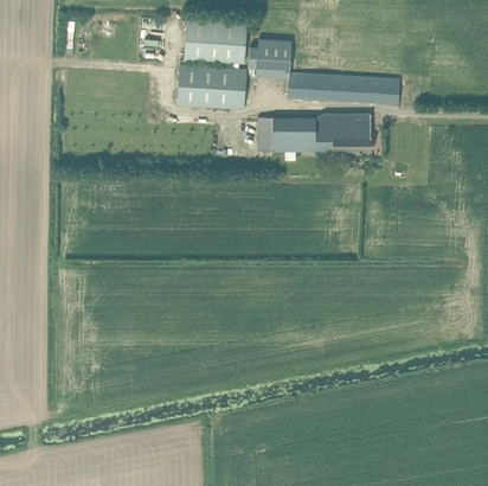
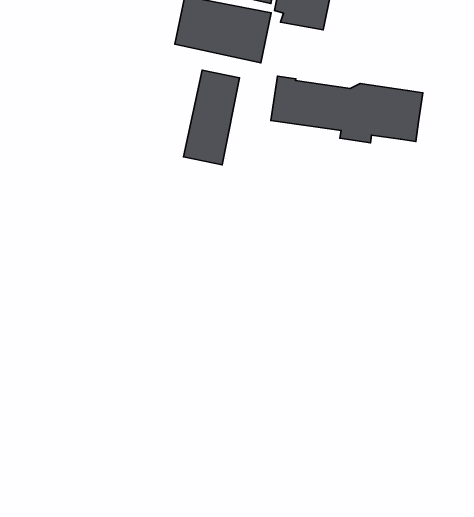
building: [287,72,399,103] -> none
building: none -> [184,70,240,165]

